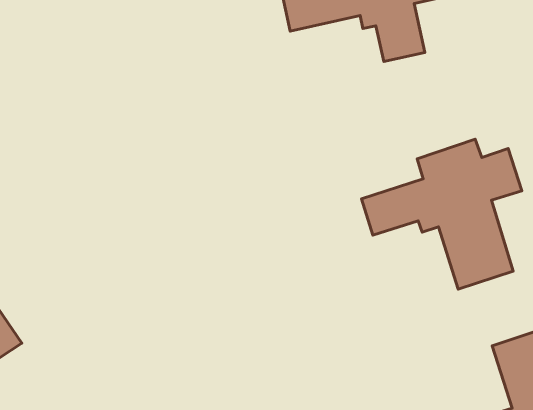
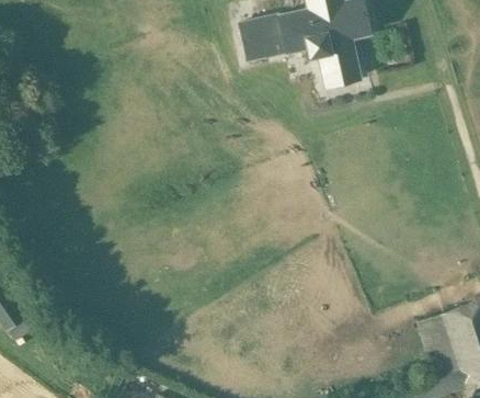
building: [362,139,522,289] -> none

